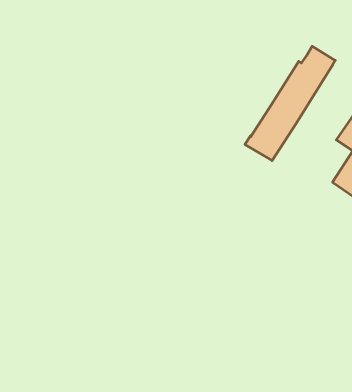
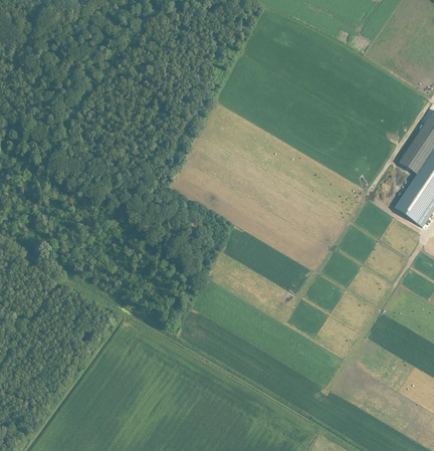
building: [245,46,335,161] -> none

